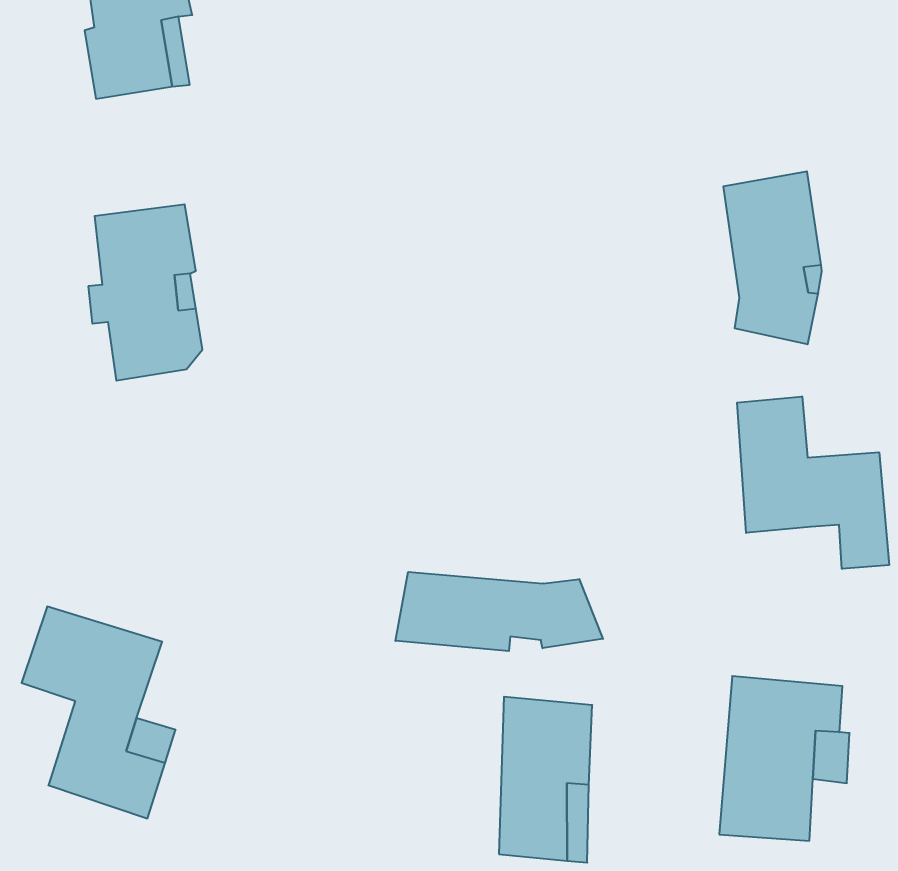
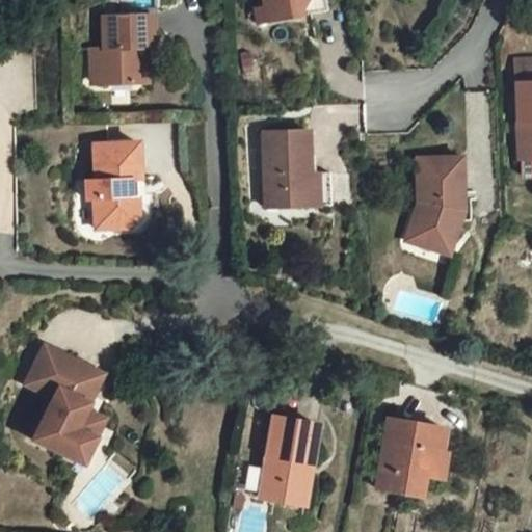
building: none -> [264,131,332,209]
building: [737,396,889,569] -> none
building: [395,572,603,651] -> none

